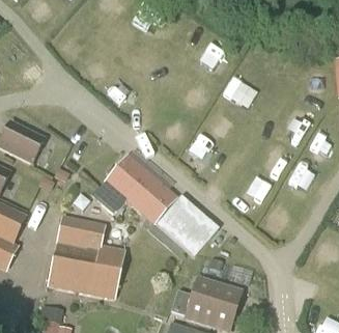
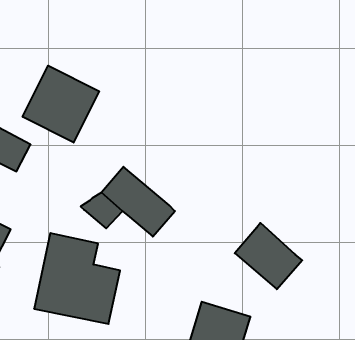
building: none -> [23,66,99,143]
building: [156,196,216,255] -> [235,223,302,289]

